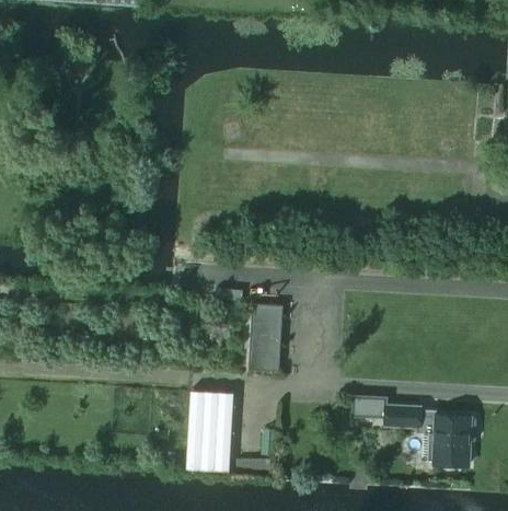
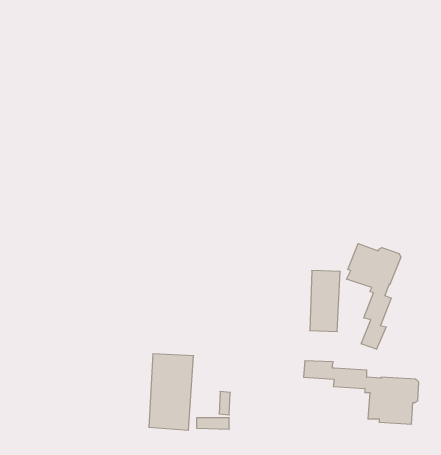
building: none -> [347,244,401,349]
building: [249,304,281,370] -> [310,271,340,332]

